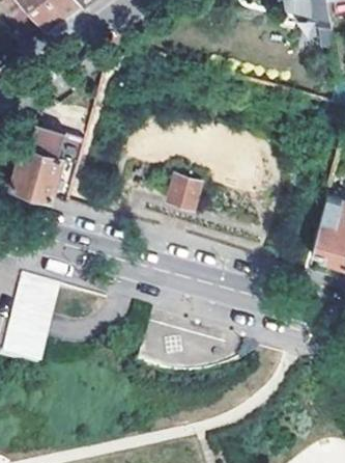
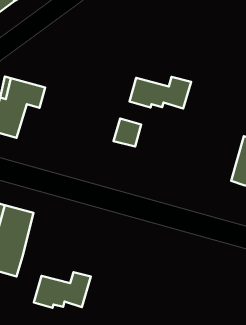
building: none -> [130,77,191,109]
building: none -> [34,272,91,308]

